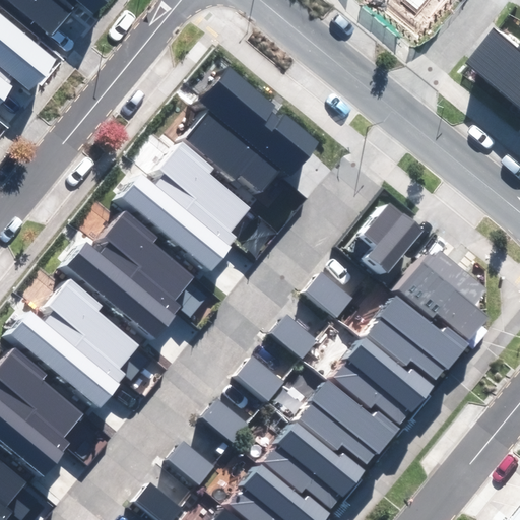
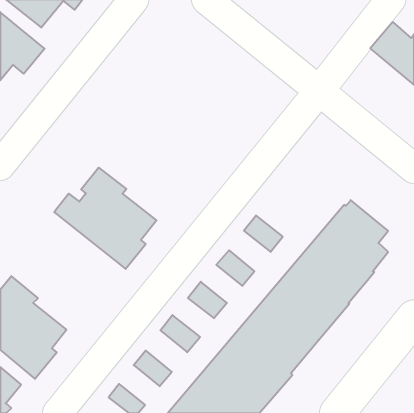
building: [185,65,319,192] -> none
building: [121,142,250,269] -> none
building: [364,202,424,272] -> none
building: [12,277,140,405] -> none

